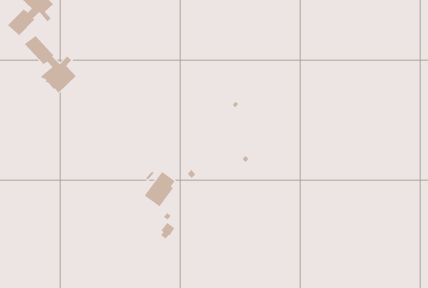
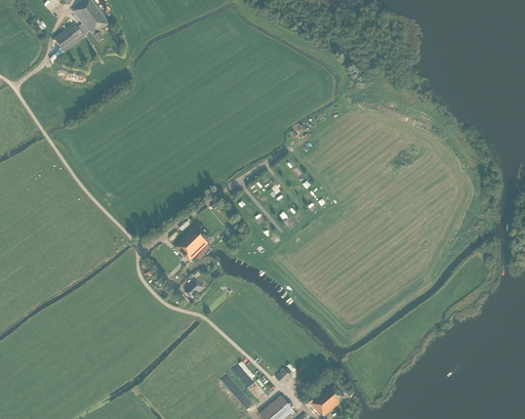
building: [24,35,77,93] -> none

